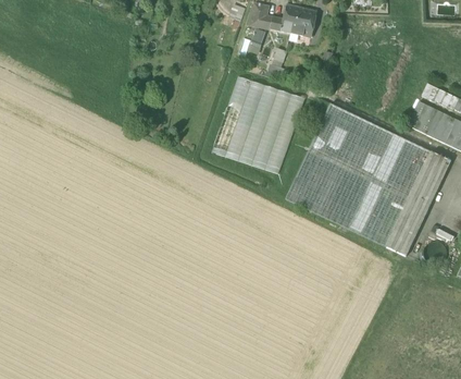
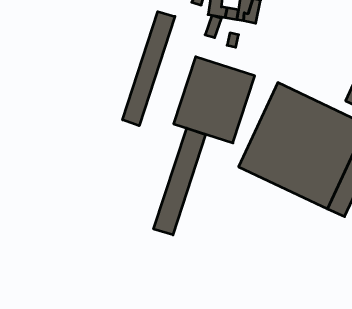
building: none -> [123,12,175,126]
building: none -> [154,128,205,235]

